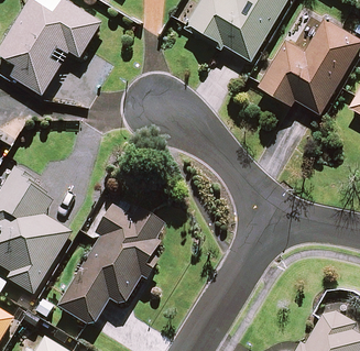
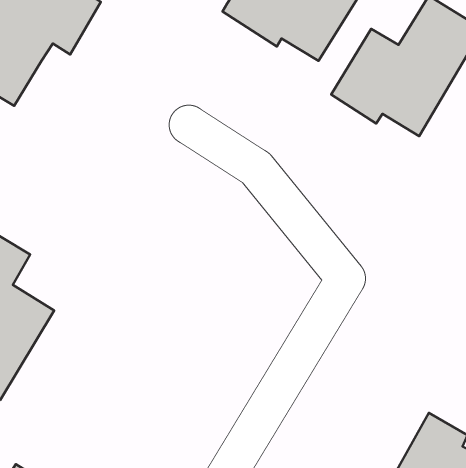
building: [56,206,163,327] -> none

